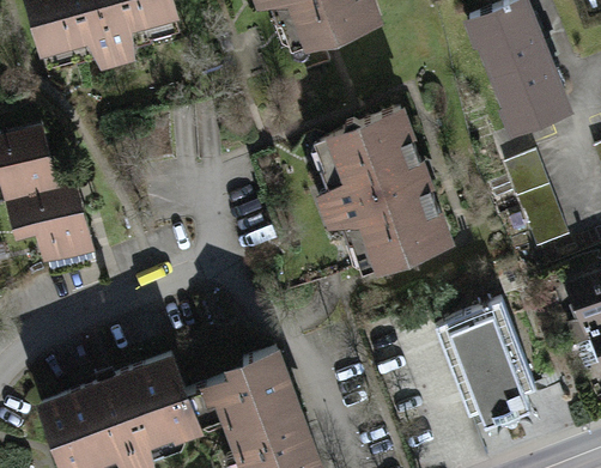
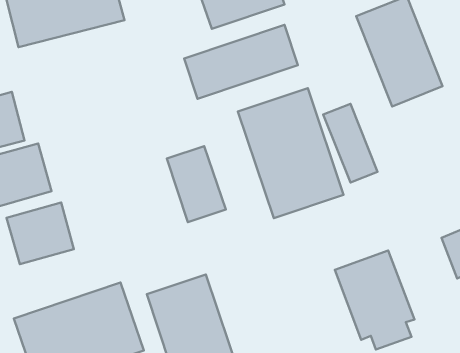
building: none -> [184,25,298,99]
building: [506,162,573,259] -> [323,104,378,183]
building: none -> [167,146,226,222]
building: none -> [6,202,74,264]

